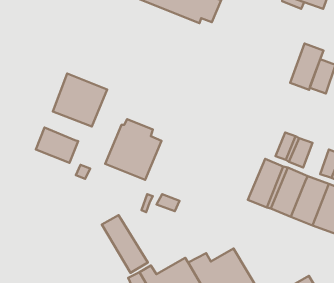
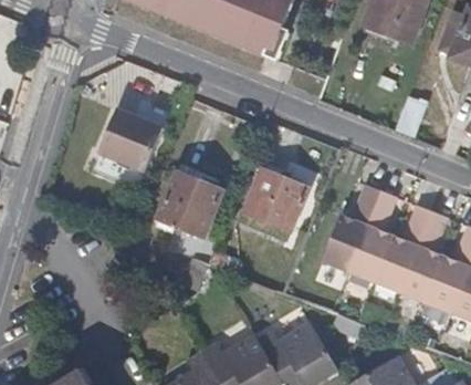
building: [290,44,323,90] -> none
building: none -> [245,170,308,232]
building: [36,127,78,163] -> none
building: [102,215,148,273] -> none

